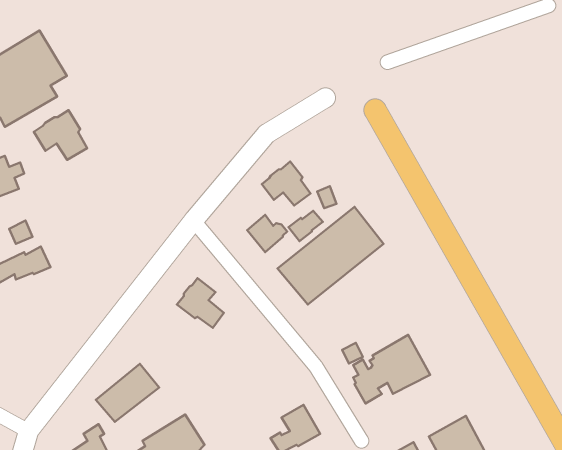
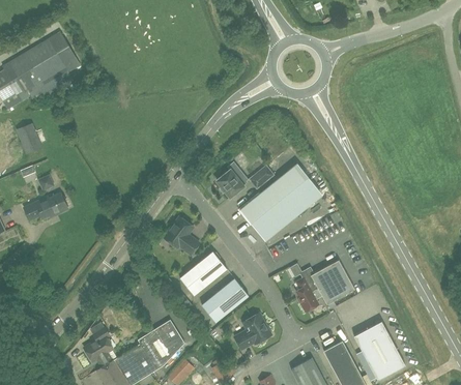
building: [34,110,87,160] -> none
building: [262,162,310,206] -> none
building: none -> [201,277,249,321]
building: [96,364,159,422] -> [179,250,227,294]

